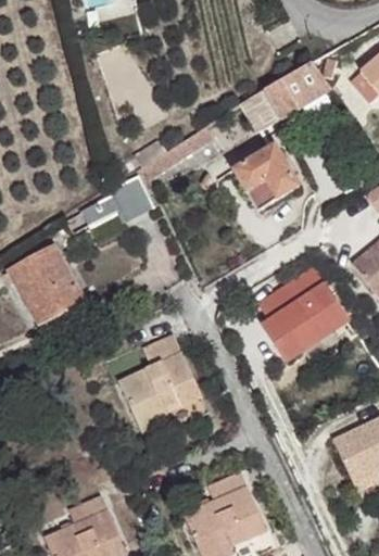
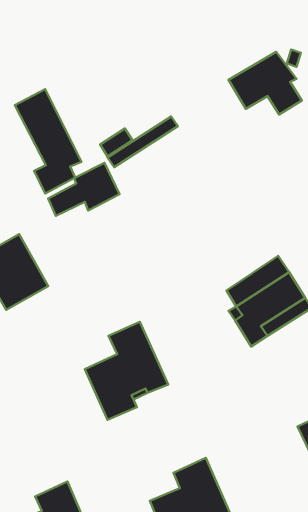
building: [239,90,280,134] -> none
building: none -> [15,89,82,193]
building: [232,143,299,211] -> none

